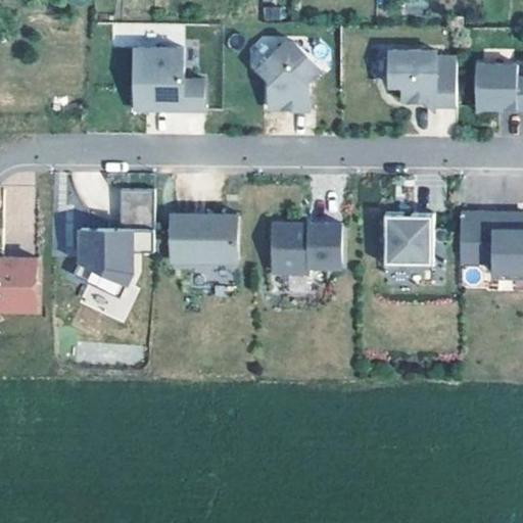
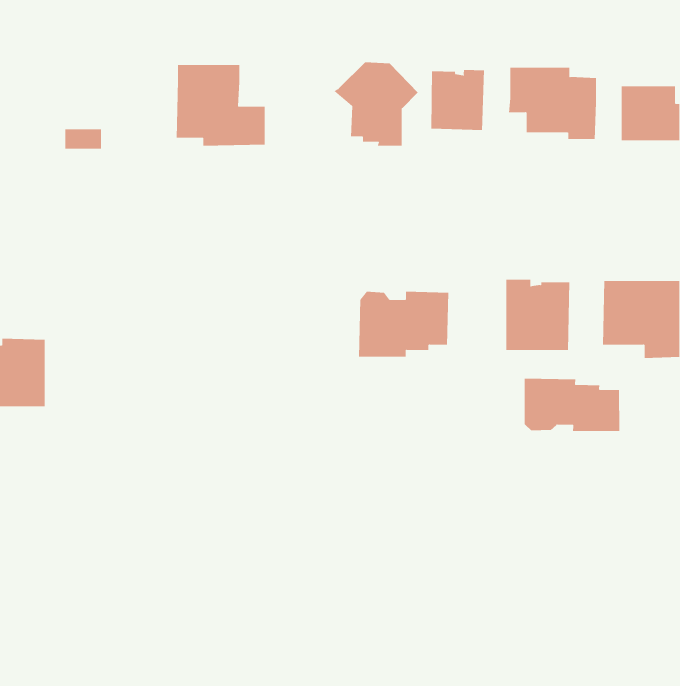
building: none -> [431,69,484,131]
building: [72,189,154,298] -> none
building: [170,215,237,264] -> none
building: none -> [524,378,620,432]

